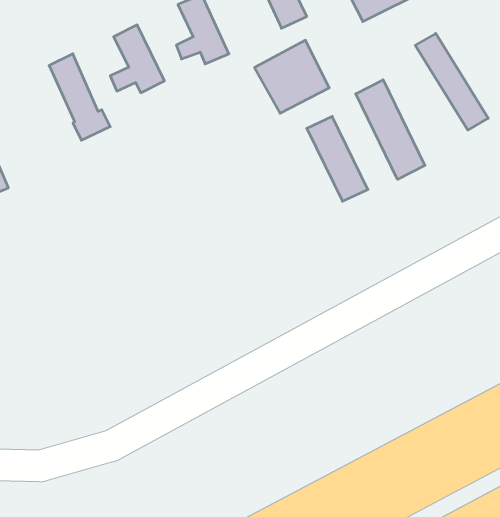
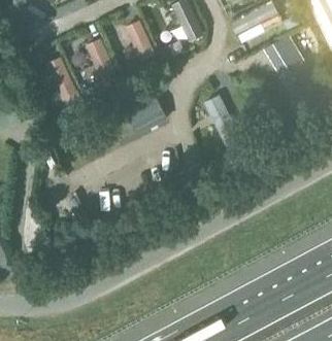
building: [255,40,329,113] -> [123,91,168,135]
building: [356,80,425,179] -> none

